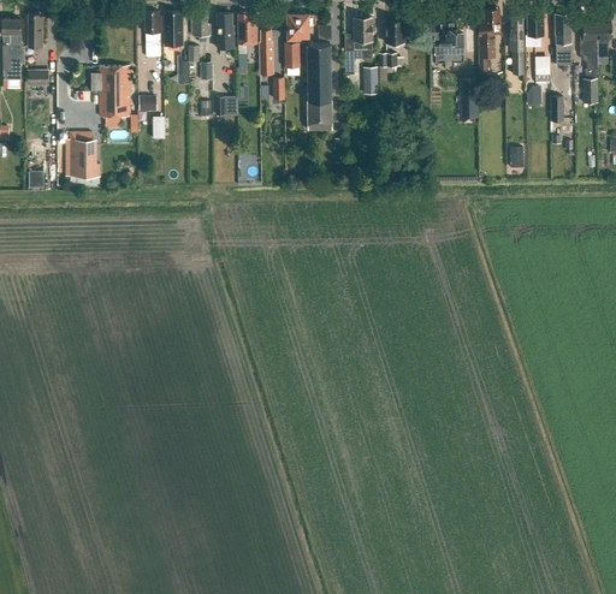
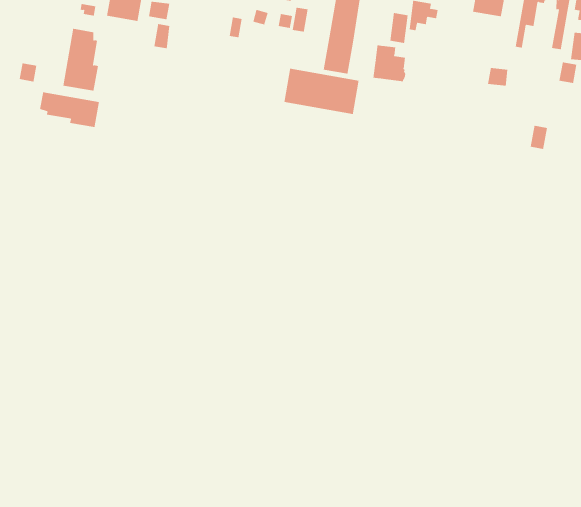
building: none -> [373,44,406,82]
building: none -> [284,68,359,115]
building: none -> [40,91,100,128]

